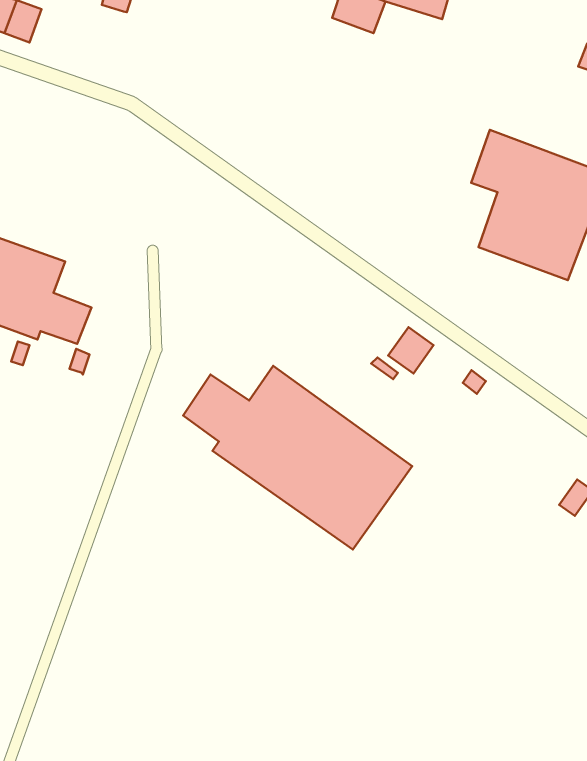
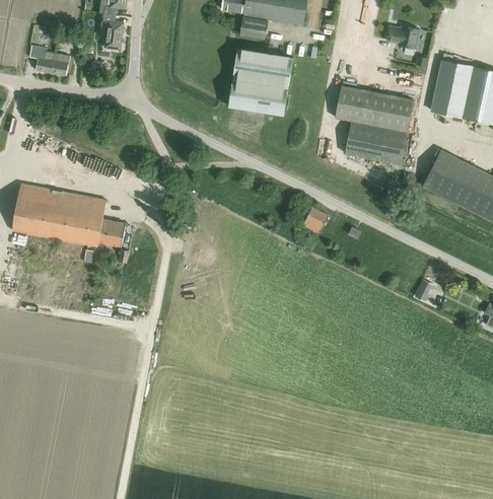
building: none -> [229,49,294,116]
building: [183,366,412,550] -> none

